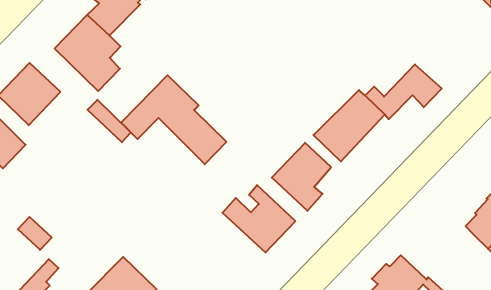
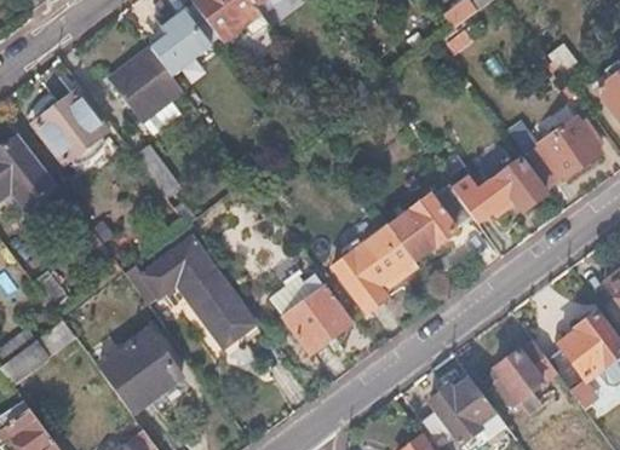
building: none -> [512,117,599,186]
building: [121,75,226,164] -> [130,236,247,345]
building: none -> [496,340,556,409]

